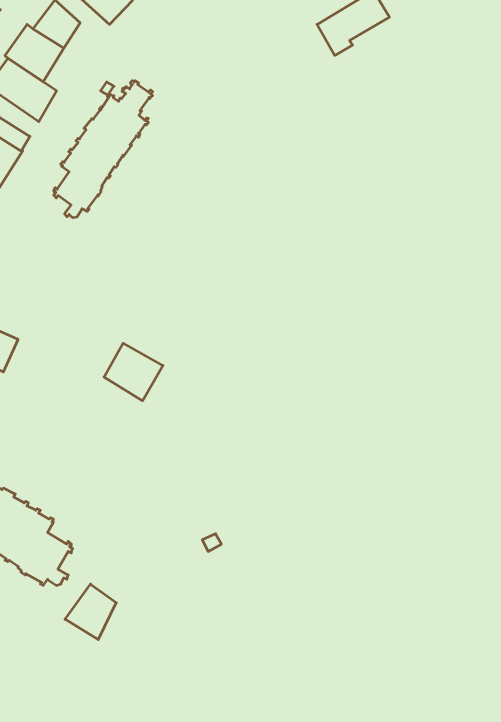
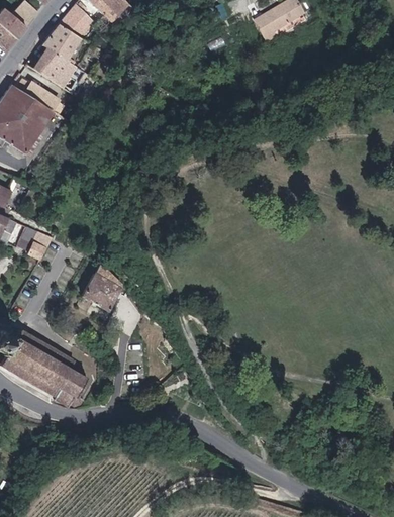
building: [54,81,153,218] -> none
building: [104,343,163,401] -> [82,272,122,311]
building: [65,584,116,640] -> none

